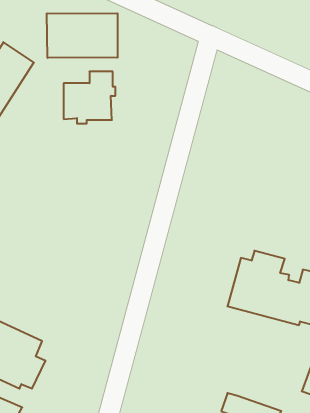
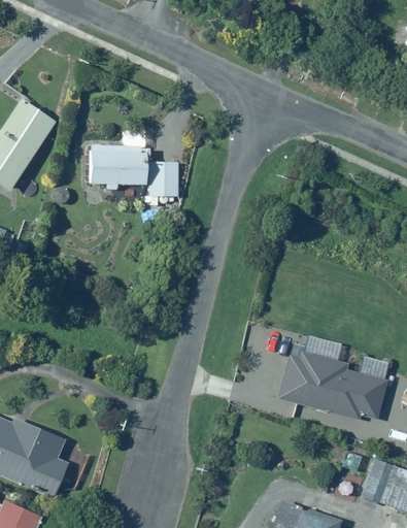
building: [47,13,118,58] -> none
building: none -> [147,161,178,206]

